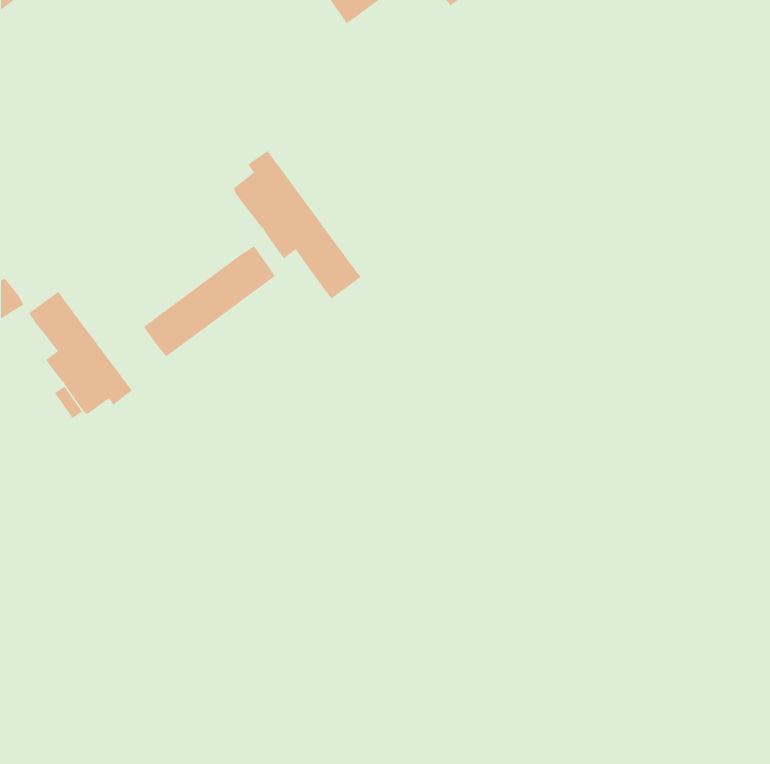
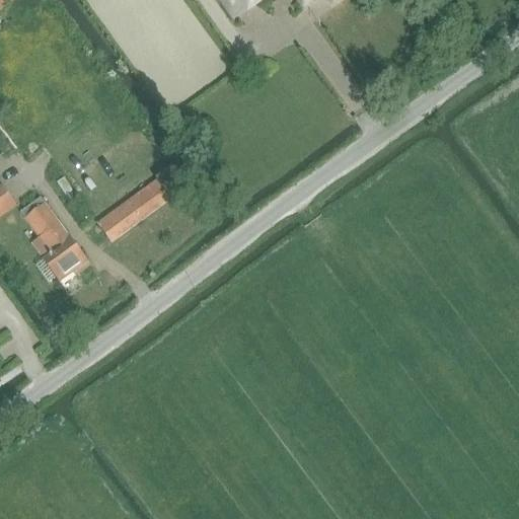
building: [233,150,362,299] -> none

